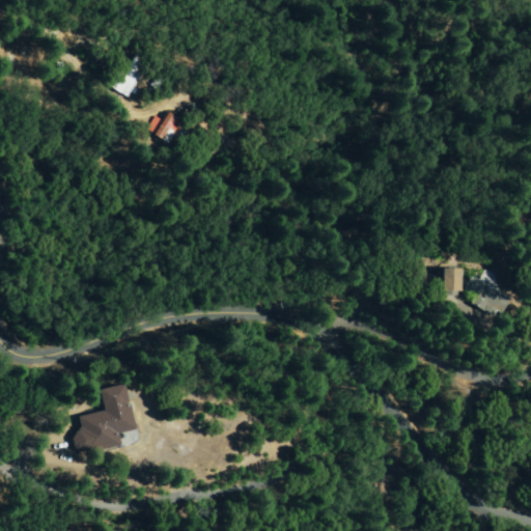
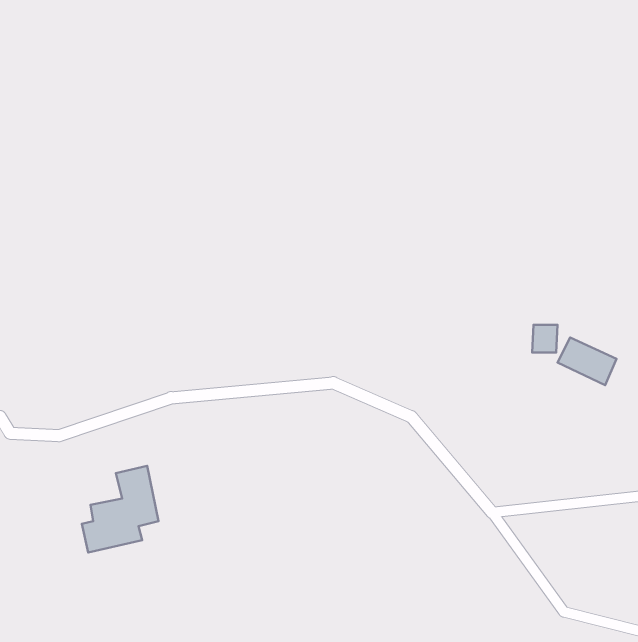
building: [114,59,146,96] -> none
building: [148,112,181,142] -> none

